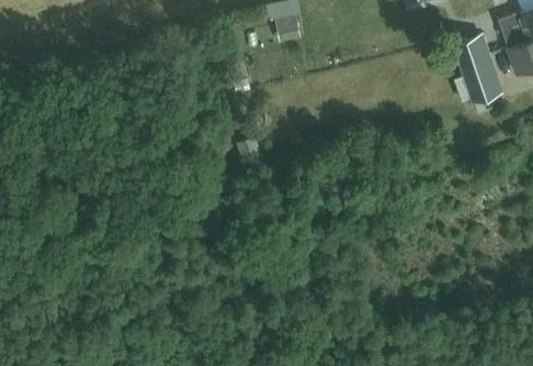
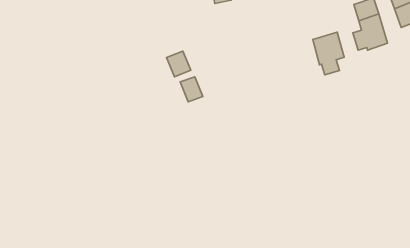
building: none -> [313,32,344,75]
building: none -> [167,51,191,77]

